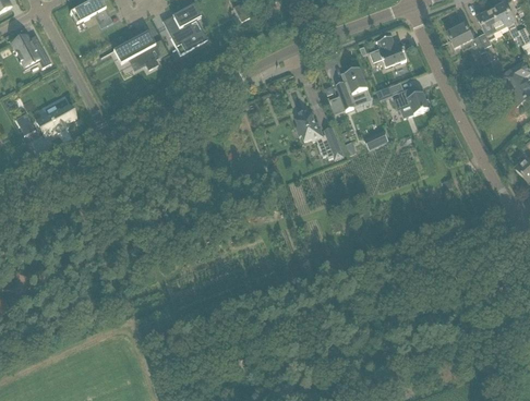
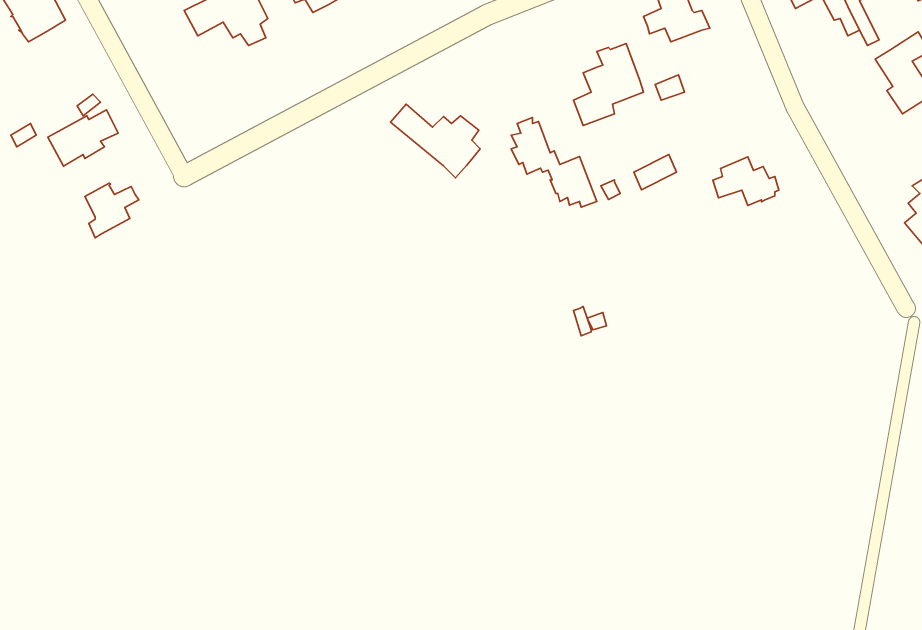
building: [394,85,431,112] -> [713,157,779,206]
building: none -> [391,104,480,178]
building: none -> [85,183,139,238]

